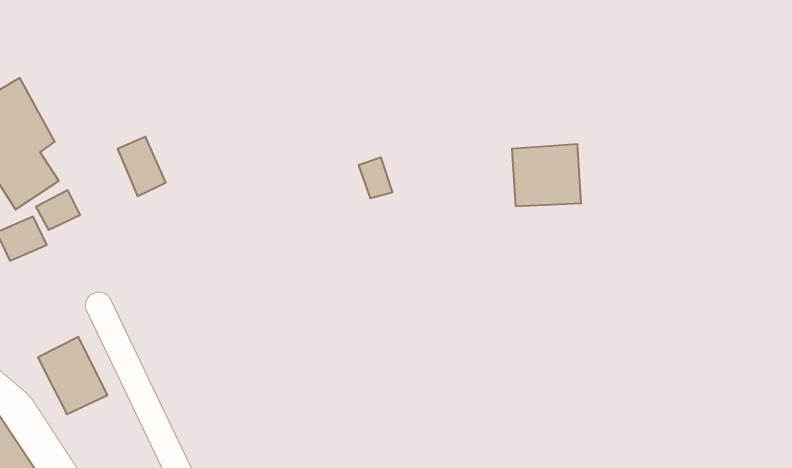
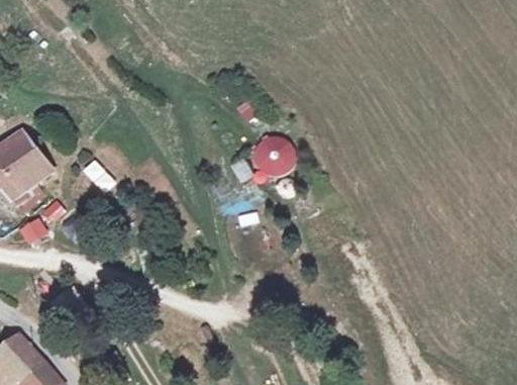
building: [512,144,581,206] -> [248,134,294,176]

